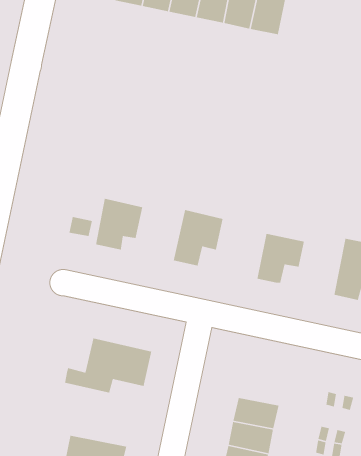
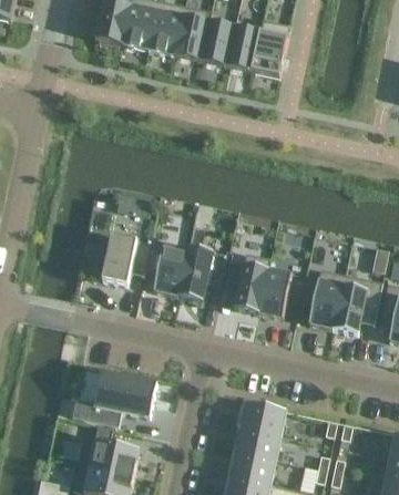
building: none -> [142,241,188,296]
building: none -> [224,252,269,313]
building: none -> [299,269,344,329]
building: none -> [241,403,285,435]
building: none -> [78,425,140,475]

